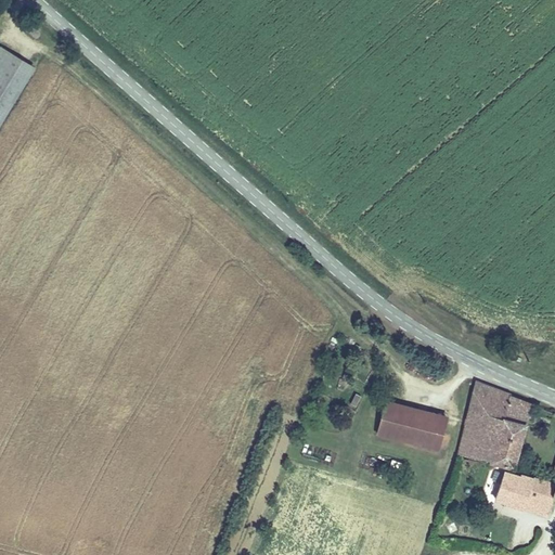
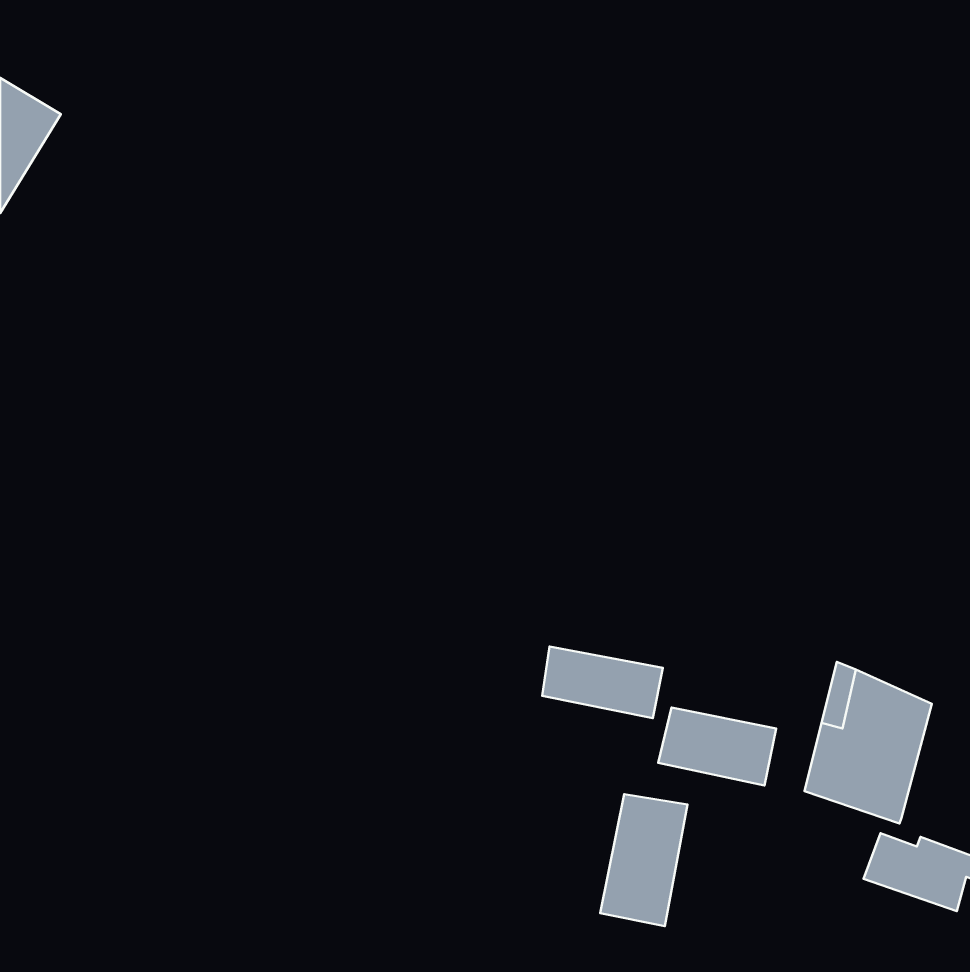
building: none -> [542,646,663,718]
building: none -> [600,794,688,926]

